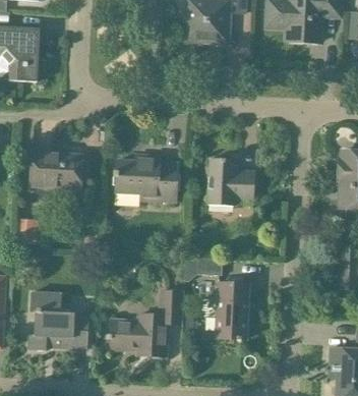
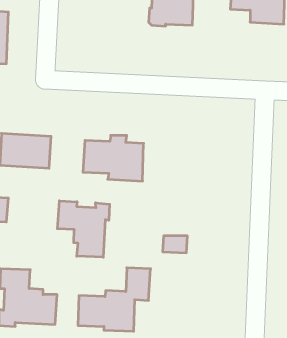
building: [207,158,254,205] -> none
building: none -> [57,201,110,257]
building: [215,282,249,338] -> none

